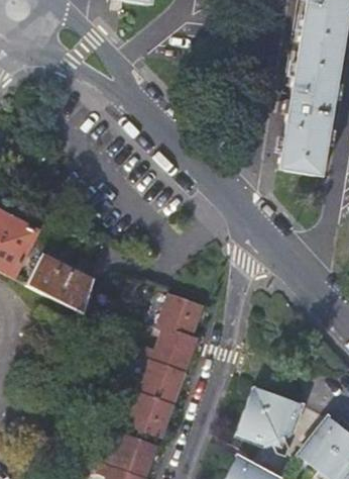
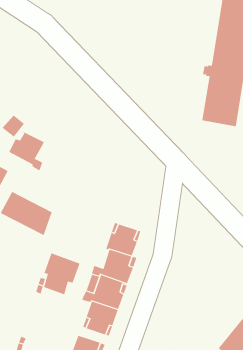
building: none -> [9,130,45,171]
building: none -> [43,252,80,295]
building: [236,386,304,445] -> none

